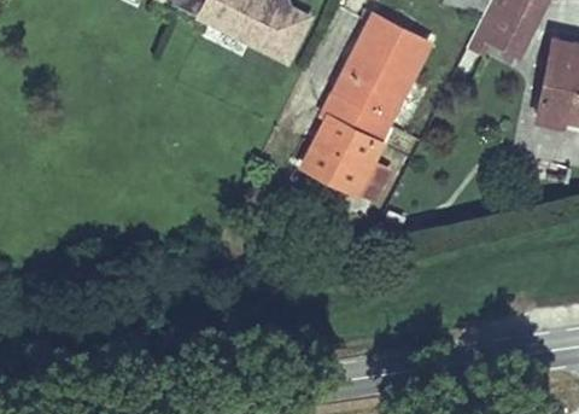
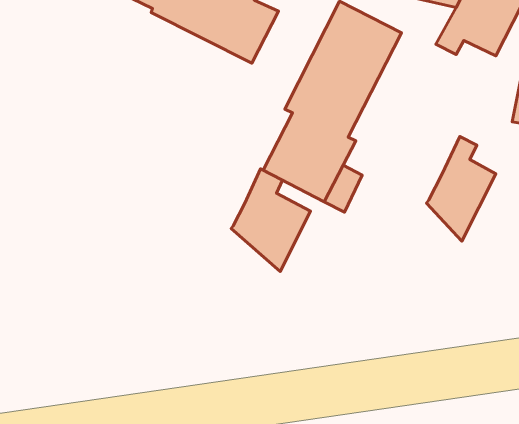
building: none -> [427,136,496,241]
building: none -> [231,169,311,272]

